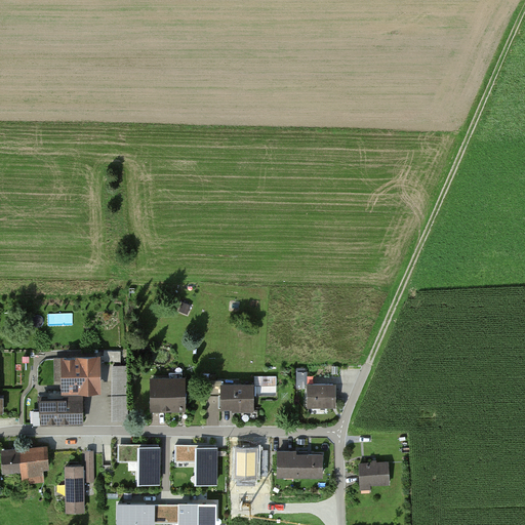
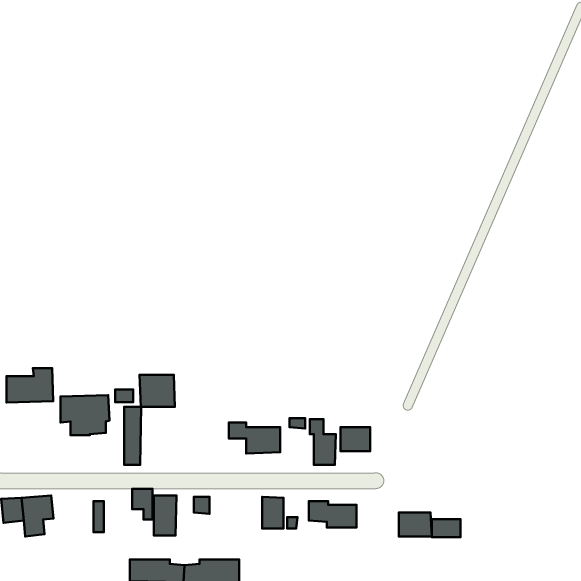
building: none -> [310,419,336,465]
building: [151,380,183,409] -> [140,375,175,407]
building: [40,393,82,423] -> [7,368,53,402]
building: [196,448,215,484] -> none
building: [64,467,81,511] -> none
building: none -> [432,519,460,537]

